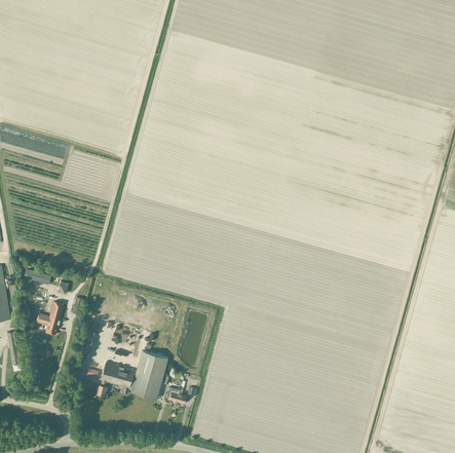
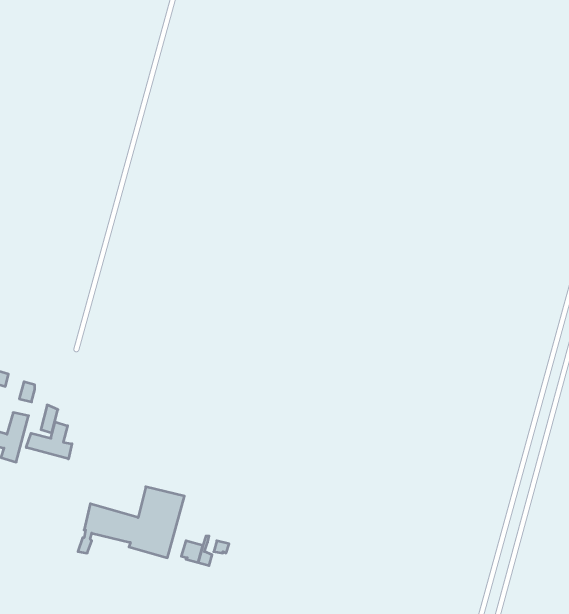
building: none -> [26,422,72,459]

